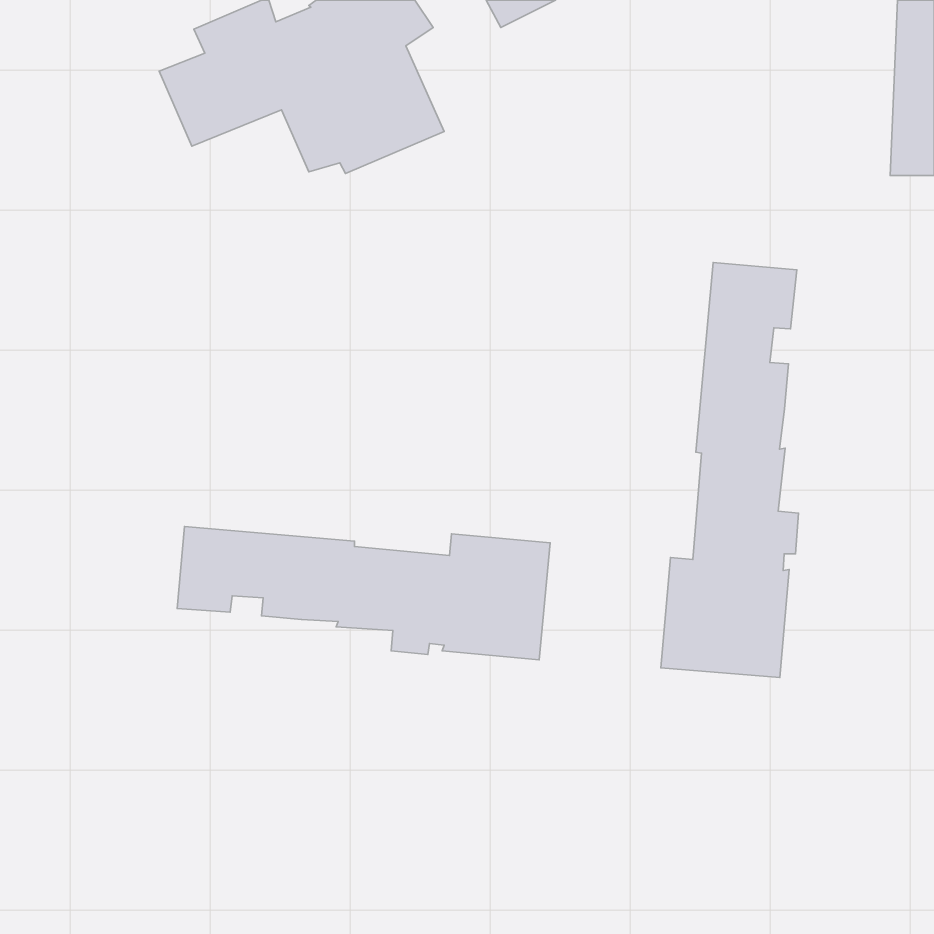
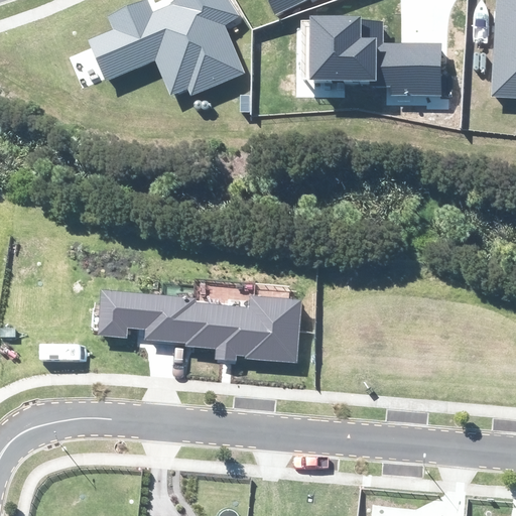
building: none -> [308,18,441,98]
building: [661,262,799,678] -> none

